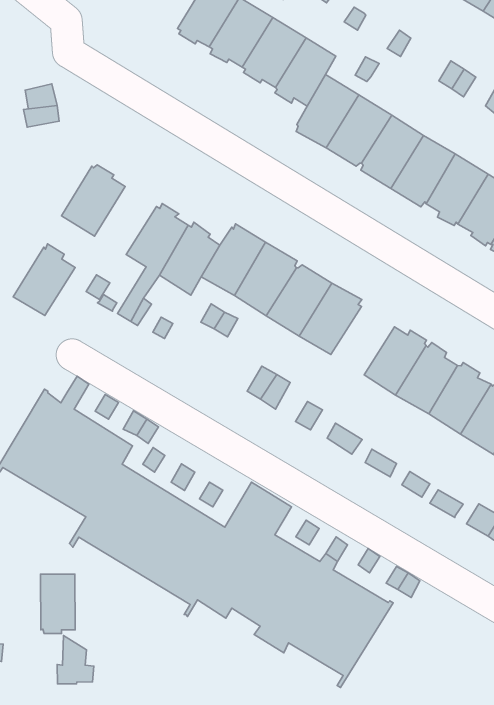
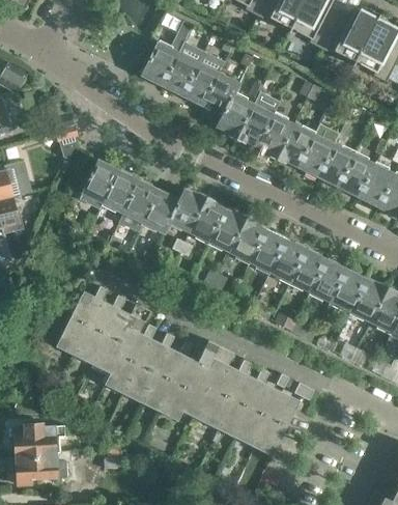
building: [13,244,75,315] -> [103,169,138,212]
building: none -> [249,230,285,271]
building: [40,574,75,634] -> none

